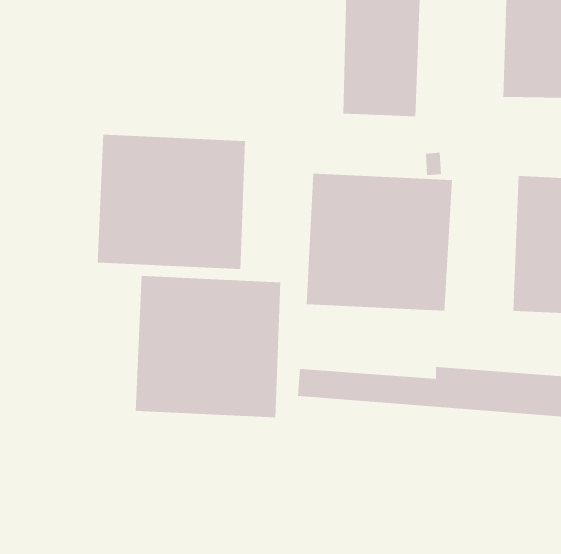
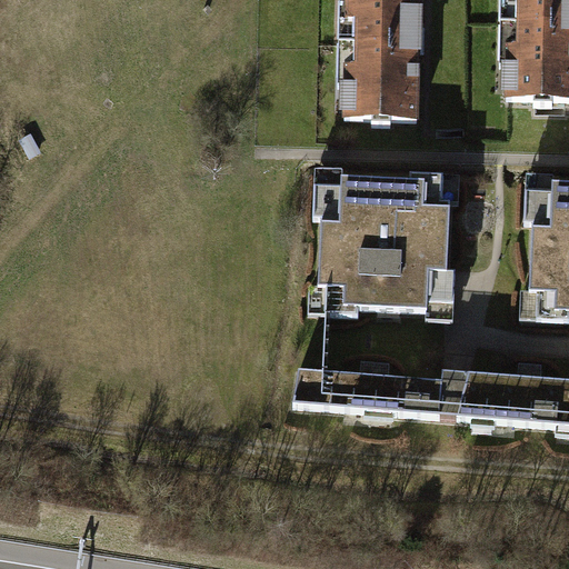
building: [97,134,246,270] -> none
building: [135,275,281,418] -> none

